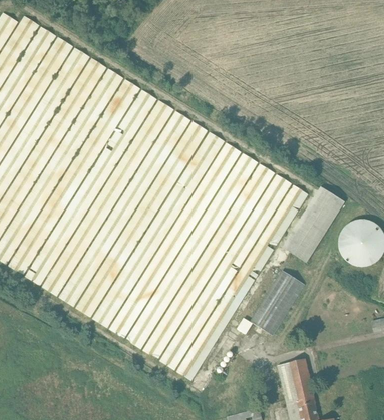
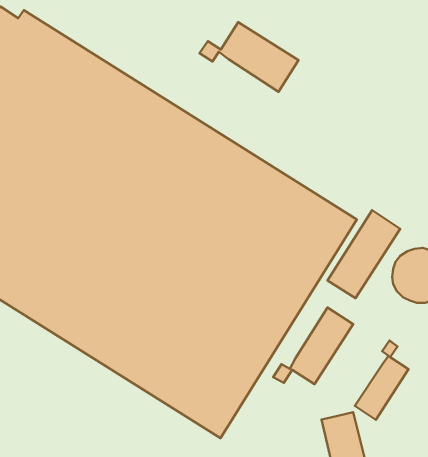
building: none -> [199,22,299,92]
building: none -> [355,341,408,420]

